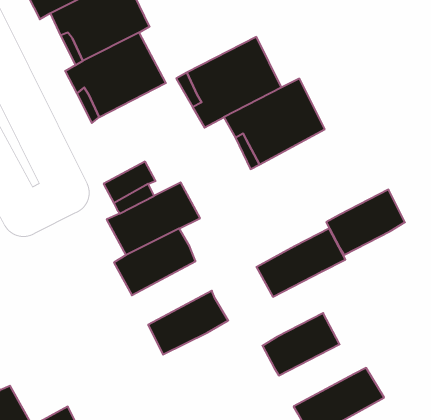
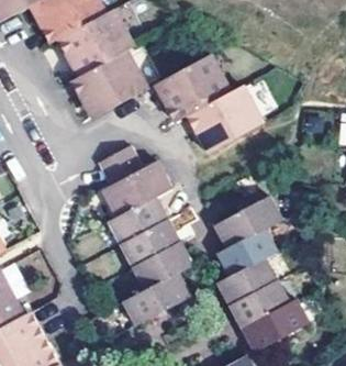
building: [326,190,405,255] -> [215,228,274,276]
building: none -> [121,220,180,267]
building: none -> [122,273,189,325]
building: none -> [230,281,286,328]

